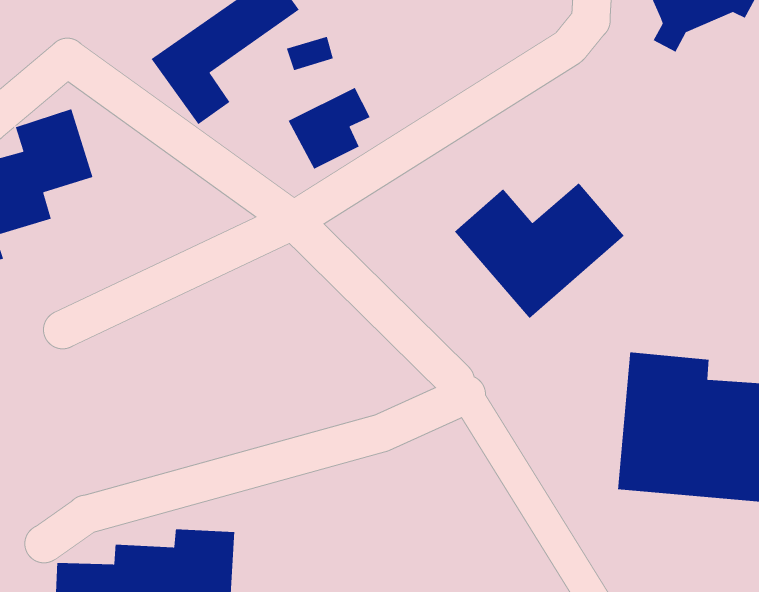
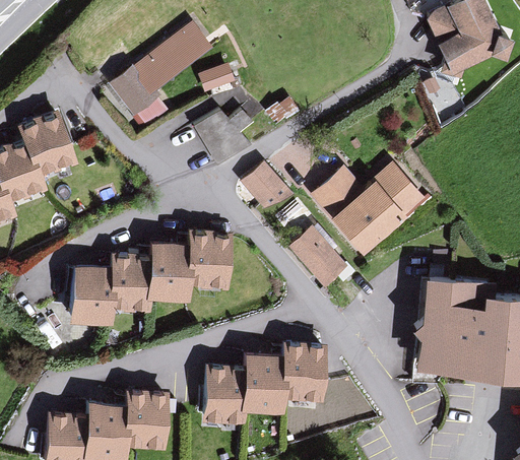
building: none -> [243,165,294,217]
building: none -> [290,228,344,285]
building: none -> [70,233,231,322]
building: none -> [204,345,324,420]

